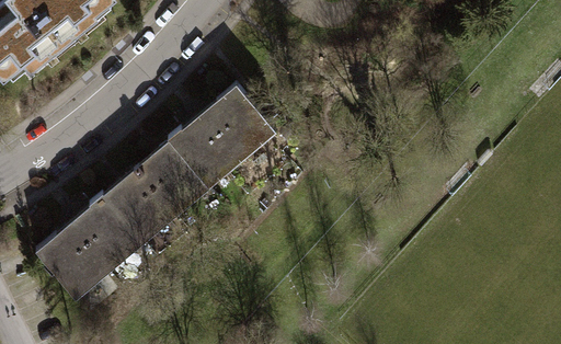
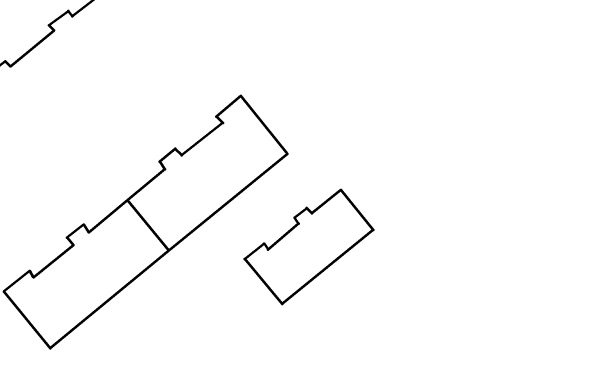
building: none -> [245,190,373,304]

